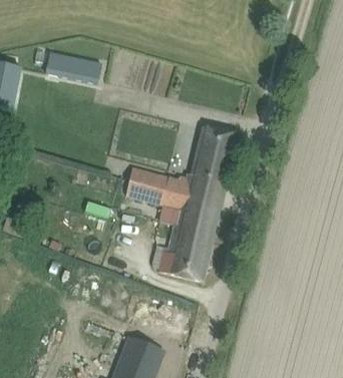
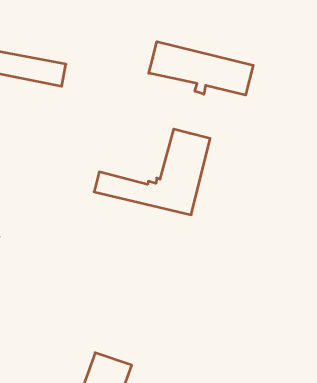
building: none -> [149,42,253,95]
building: [125,185,221,282] -> none

